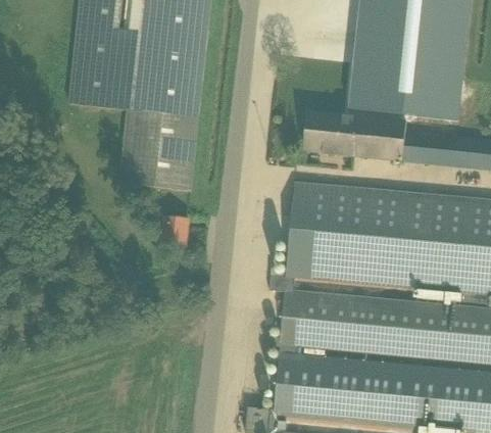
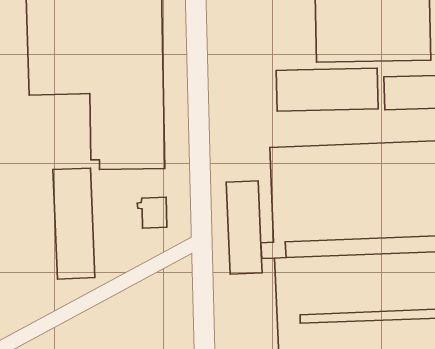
building: none -> [53,168,95,279]
building: none -> [226,181,262,274]

